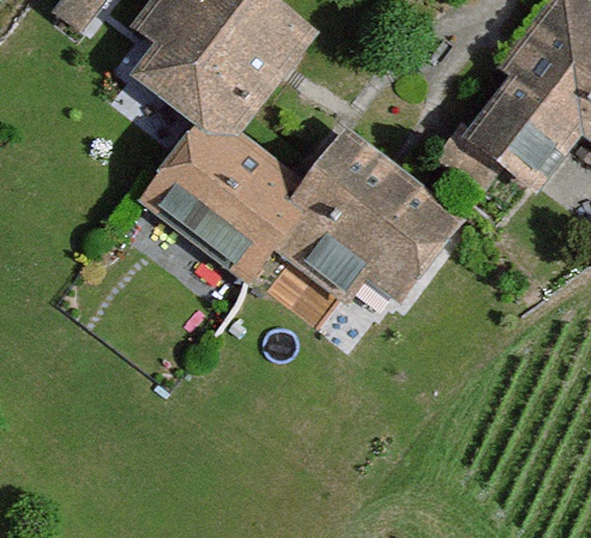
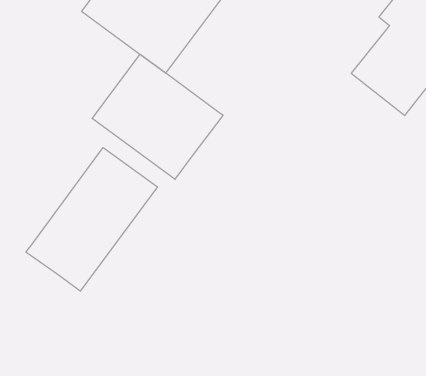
building: [267,128,463,325] -> none
building: none -> [26,148,157,291]

